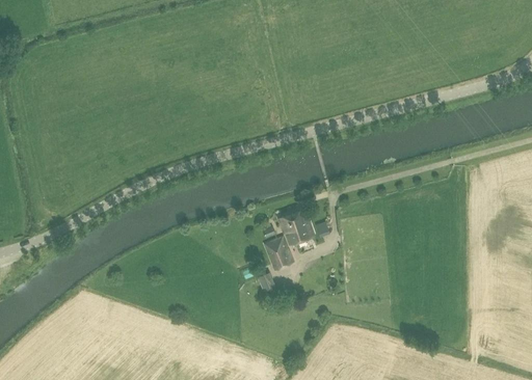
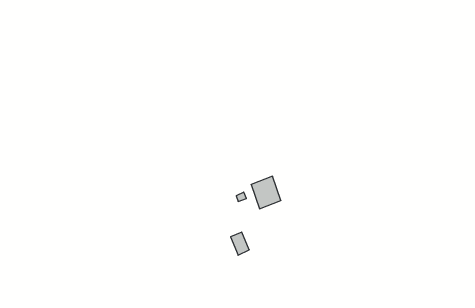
building: [264,236,294,271] -> none

